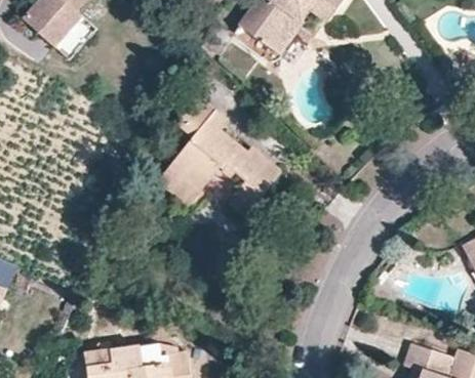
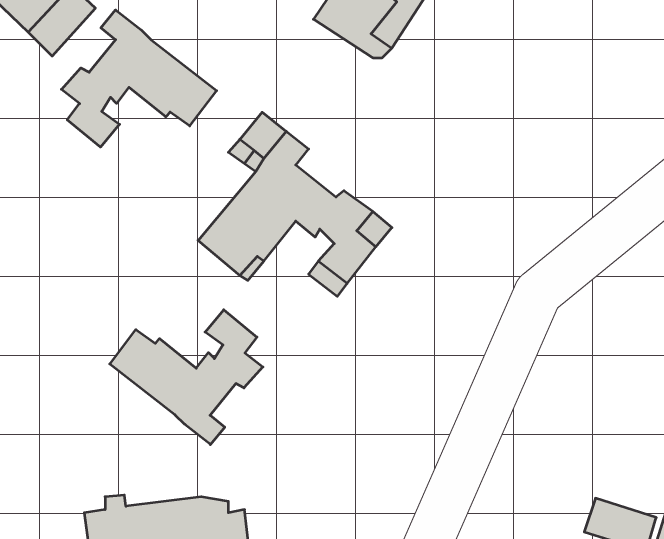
building: none -> [61,10,217,147]
building: none -> [110,310,263,445]

